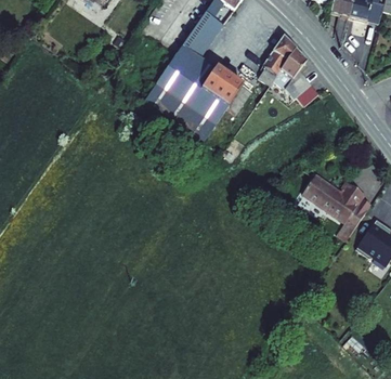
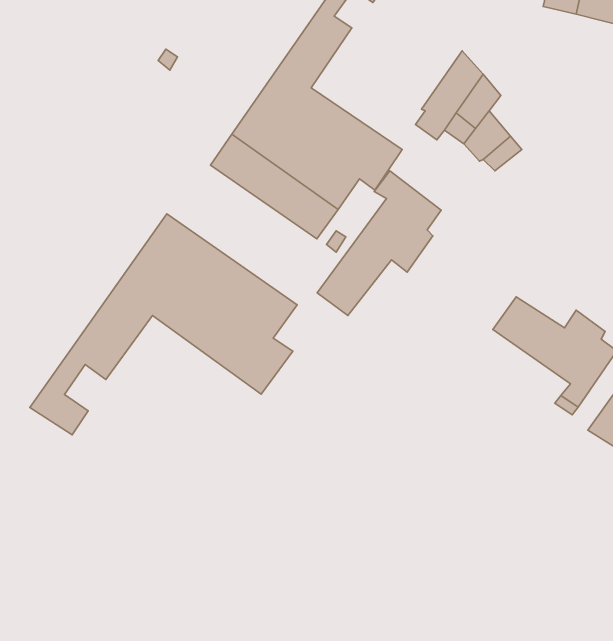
building: none -> [317,171,441,316]
building: none -> [30,214,297,435]

